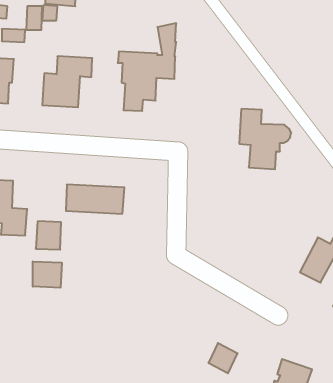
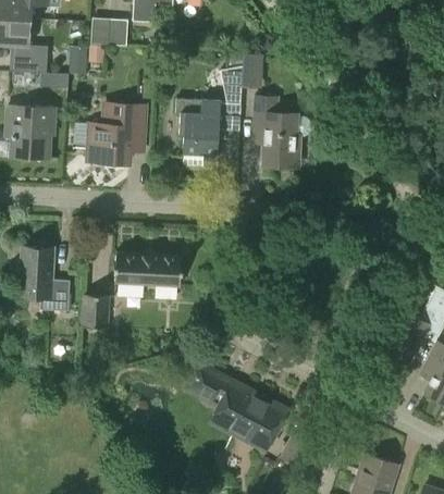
building: none -> [240,53,262,89]
building: [239,109,291,169] -> [251,97,311,166]
building: [33,261,62,288] -> none
building: none -> [184,362,286,447]

